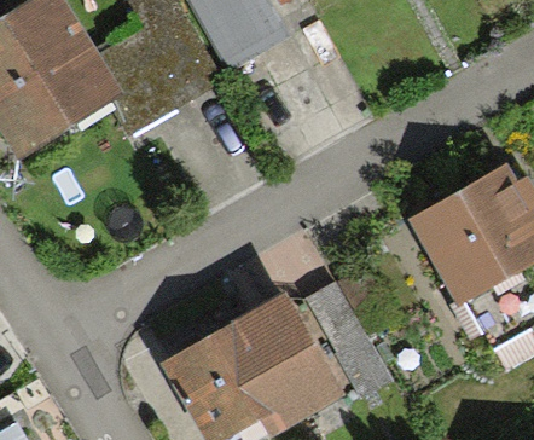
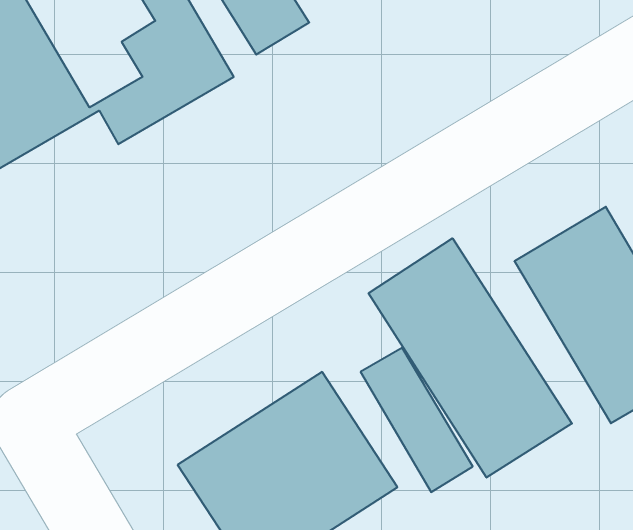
building: none -> [369,238,572,478]

